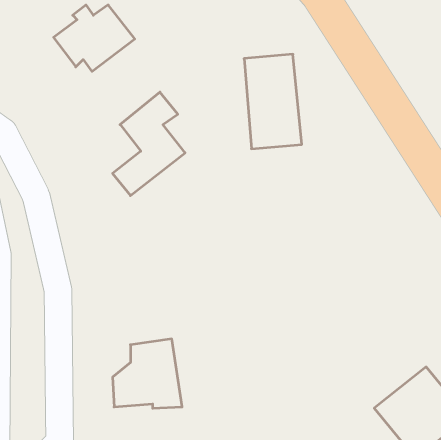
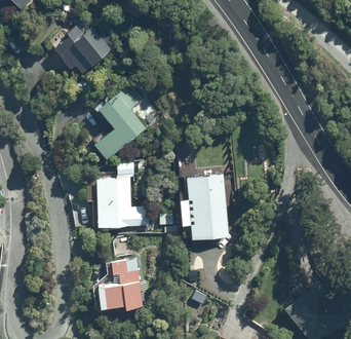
building: [244,54,302,149] -> [183,168,223,234]
building: none -> [97,179,148,229]

